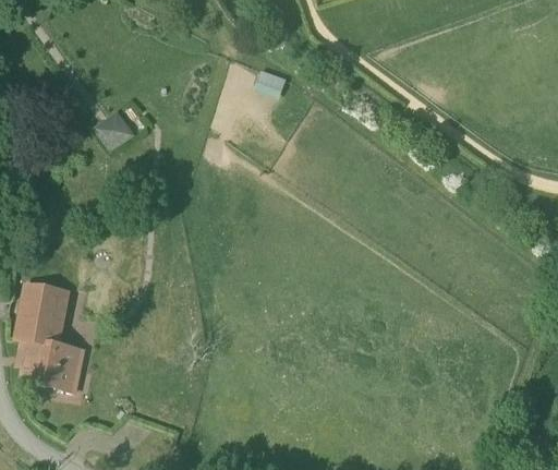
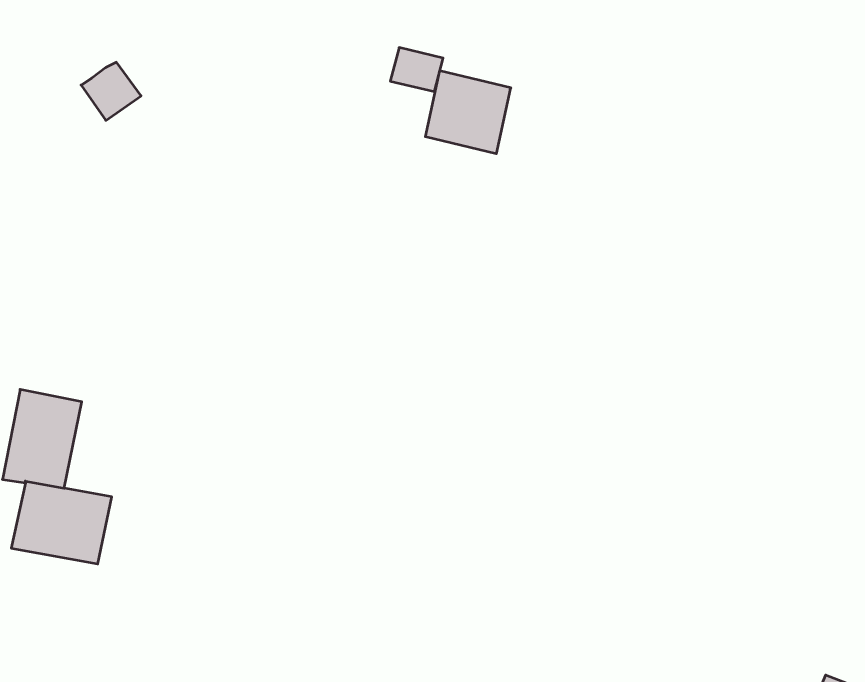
building: none -> [425,71,511,154]
building: [97,118,134,154] -> [81,62,141,120]

